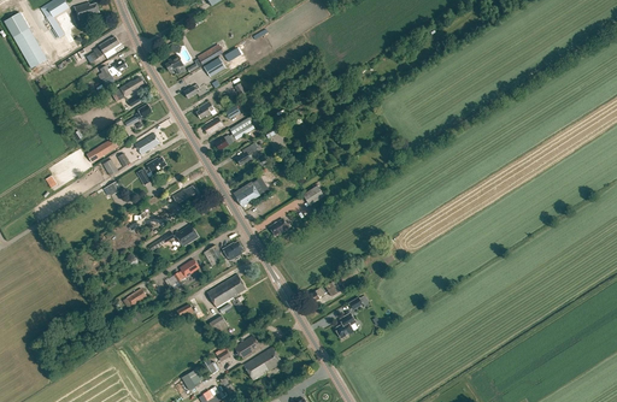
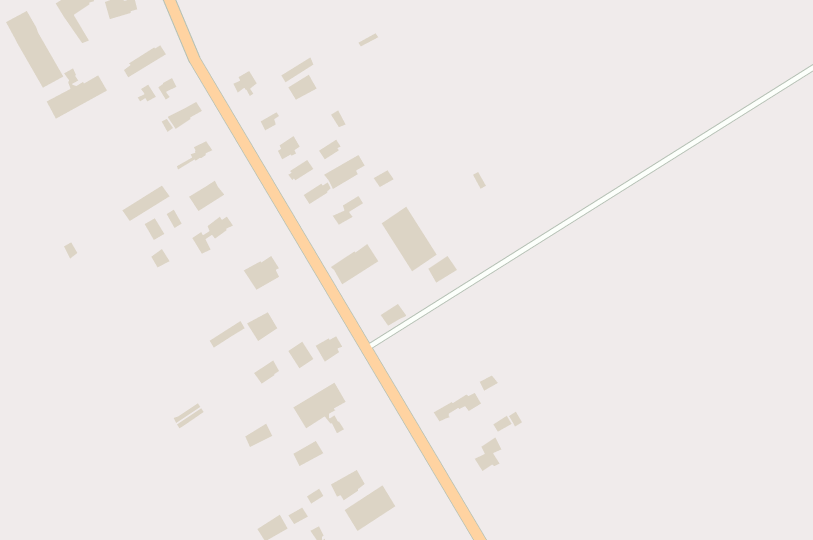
building: none -> [46,67,108,120]
building: none -> [380,206,438,272]

